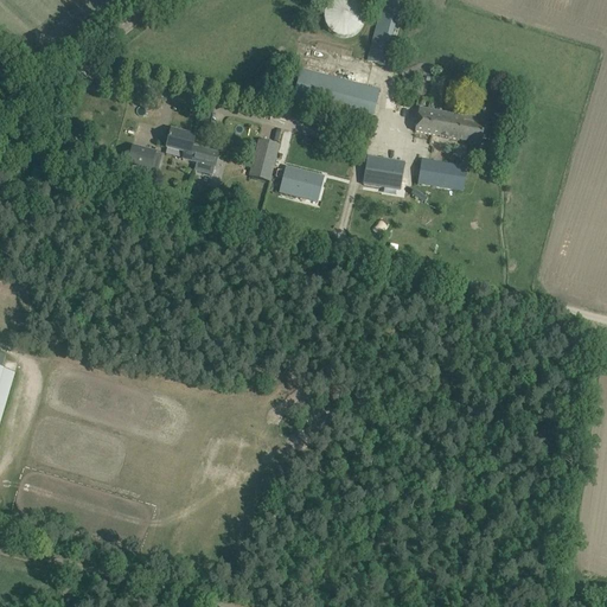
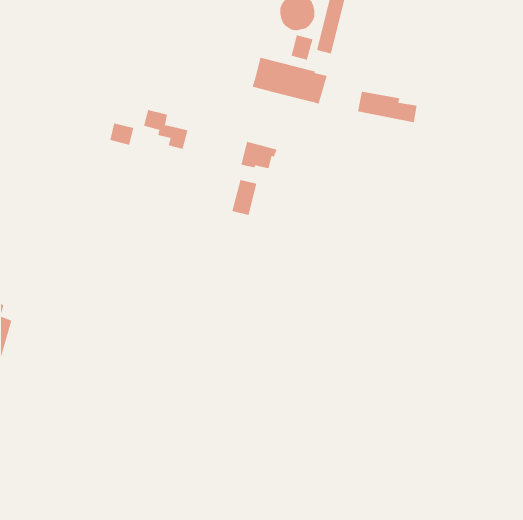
building: none -> [291,34,313,60]
building: [249,138,279,179] -> [232,180,257,215]
building: [363,154,404,185] -> none
building: [417,158,466,189] -> none

